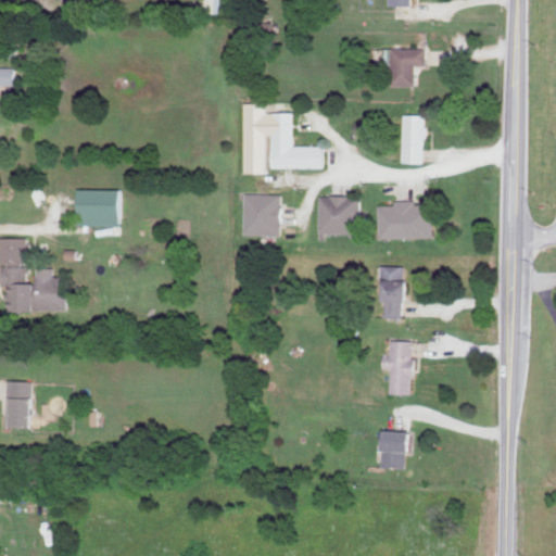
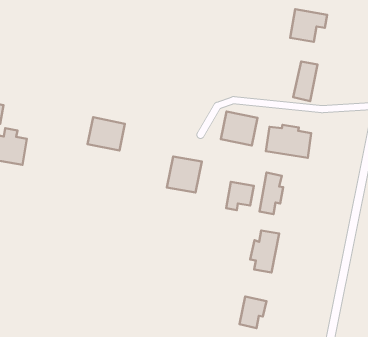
building: [241,104,323,175] -> none
building: [76,191,119,228] -> [88,117,125,150]
building: [241,195,280,237] -> [167,157,202,192]
building: none -> [226,182,254,210]

